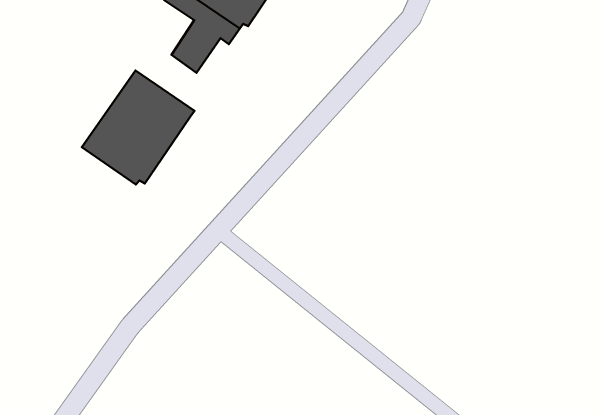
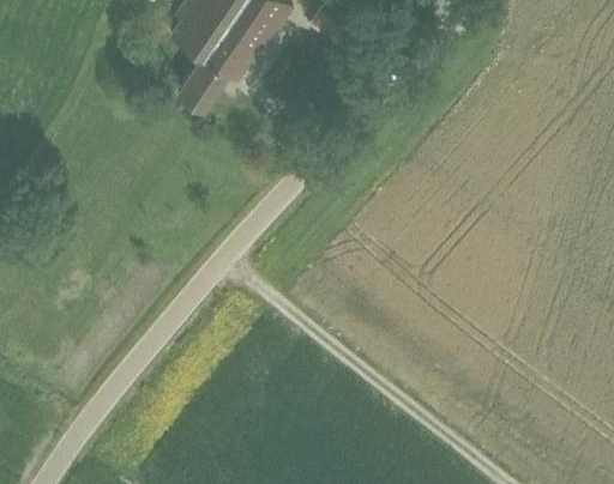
building: [82,70,195,185] -> none

